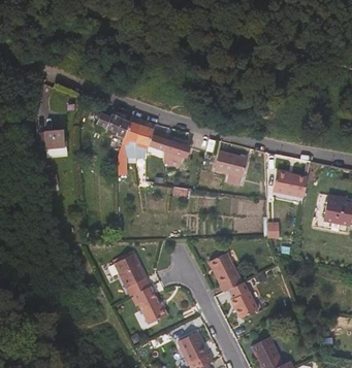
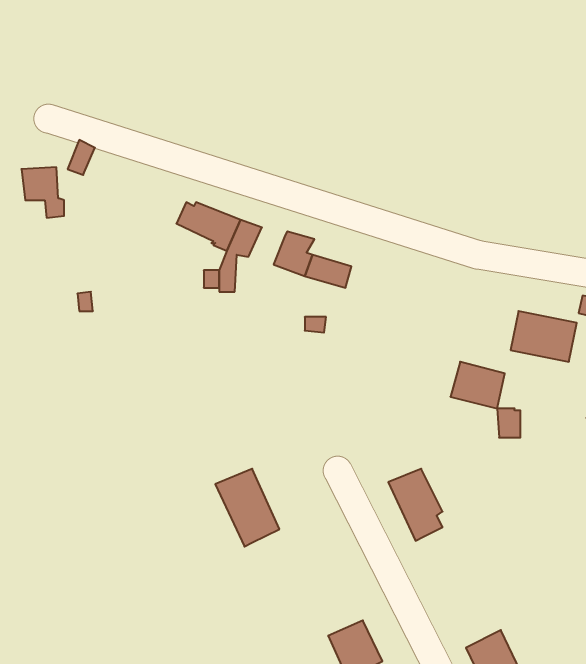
building: [135,126,155,160] -> none
building: [45,130,68,157] -> [21,167,64,218]
building: [217,152,246,176] -> [450,362,505,408]
building: [228,282,256,319] -> none
building: [137,286,172,323] -> none

